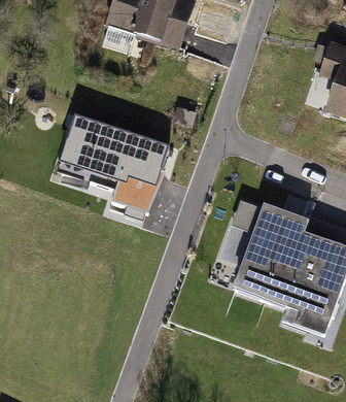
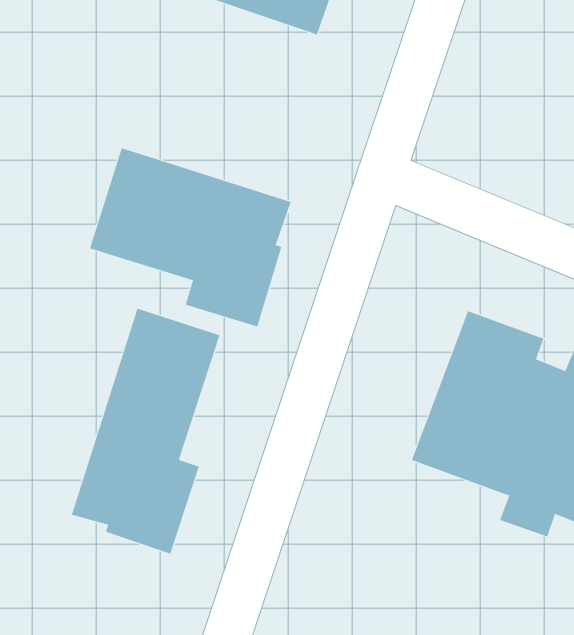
building: none -> [71,308,220,554]

